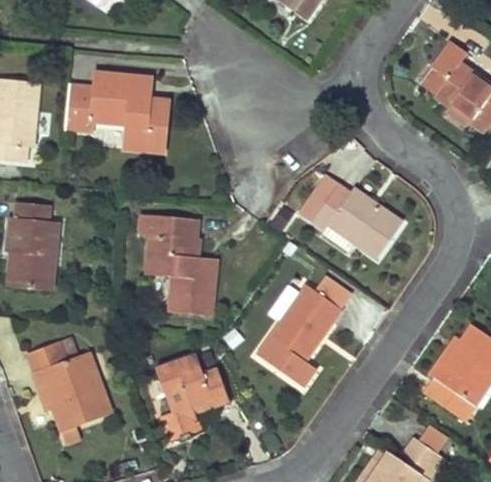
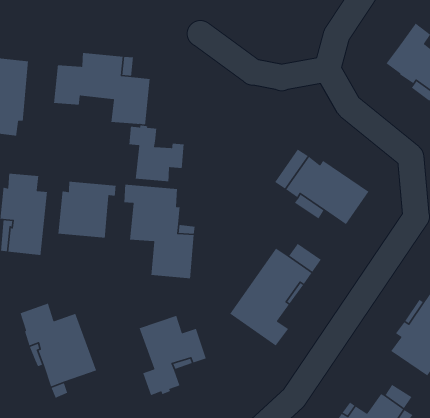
building: none -> [128,125,184,182]
building: none -> [58,181,117,239]

